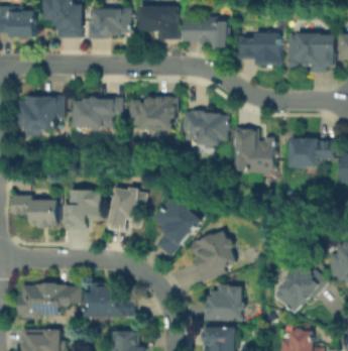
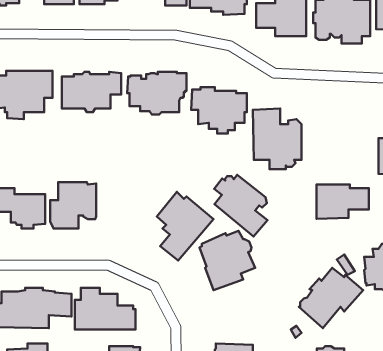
building: [291,138,335,167] -> [317,184,369,219]
building: none -> [214,175,267,236]
building: [107,188,148,232] -> none
building: [204,284,245,321] -> none

